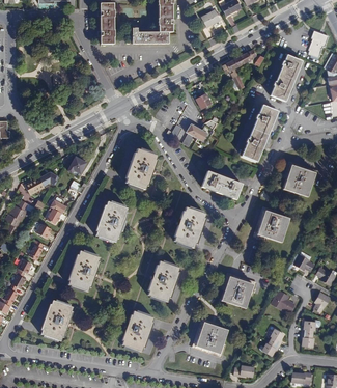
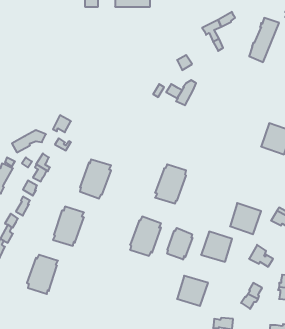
building: [242,105,277,162] -> none
building: [125,148,157,189] -> none
building: [201,170,242,199] -> none
building: [257,210,289,242] -> [230,203,261,234]
building: none -> [167,228,192,260]
building: [121,310,153,351] -> none

